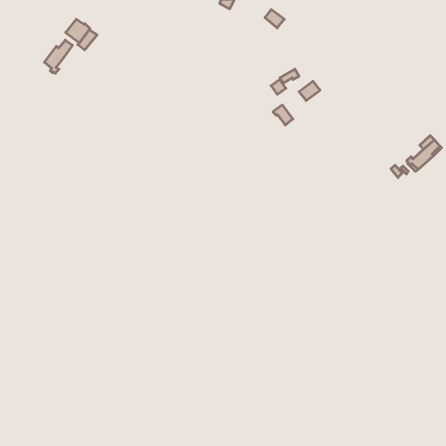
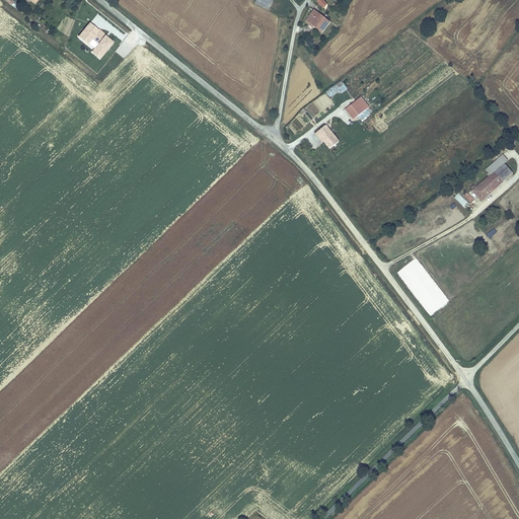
building: [44,40,72,73] -> none

